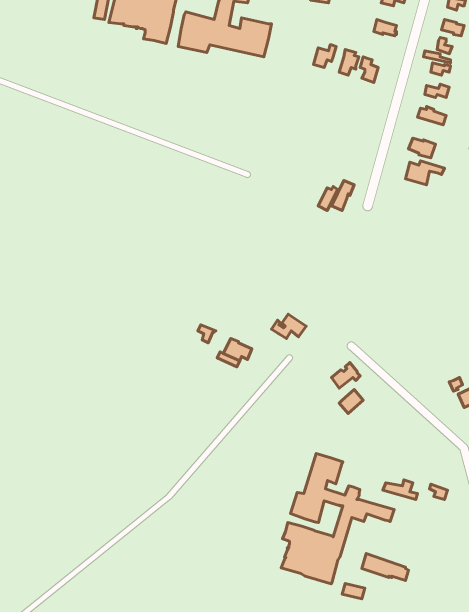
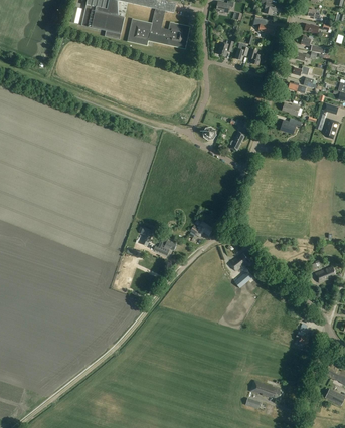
building: [281,454,394,584] -> none

